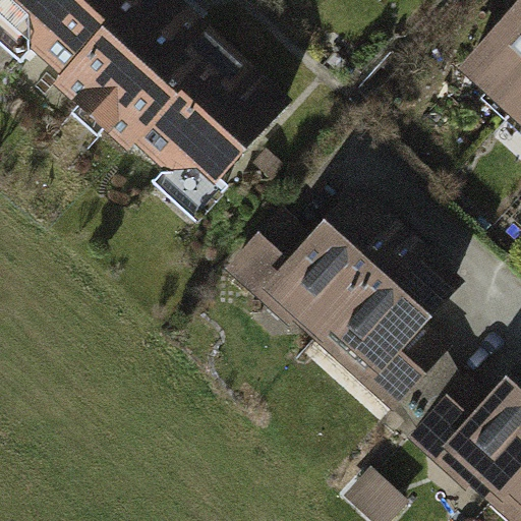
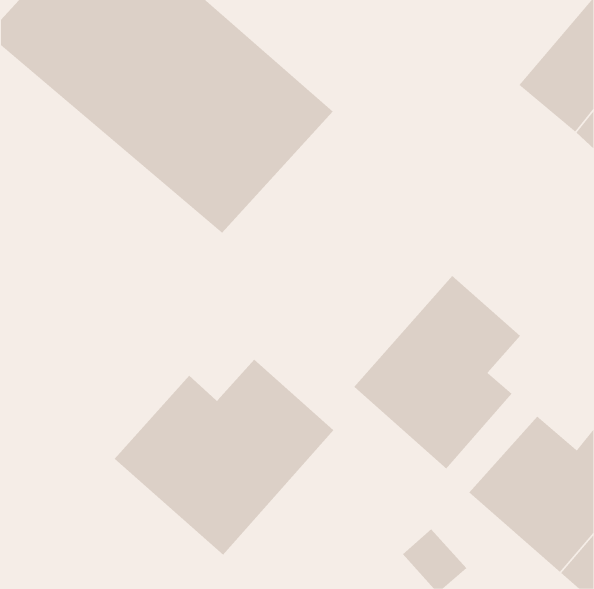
building: [229,200,396,339] -> none
building: none -> [114,359,334,555]

